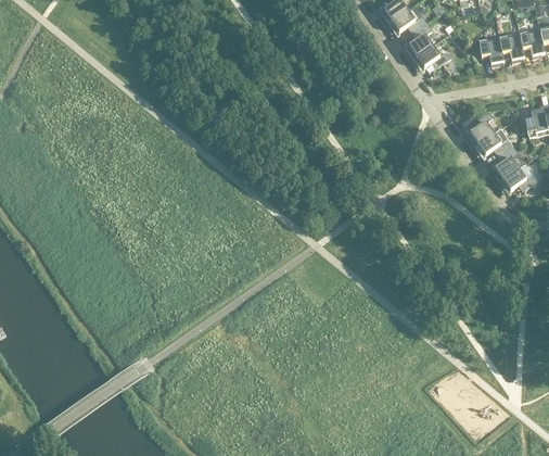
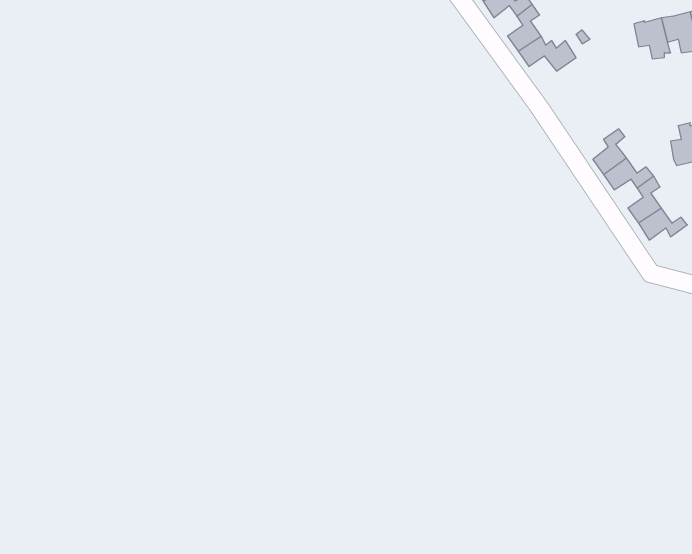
building: [476,34,502,63] -> none

